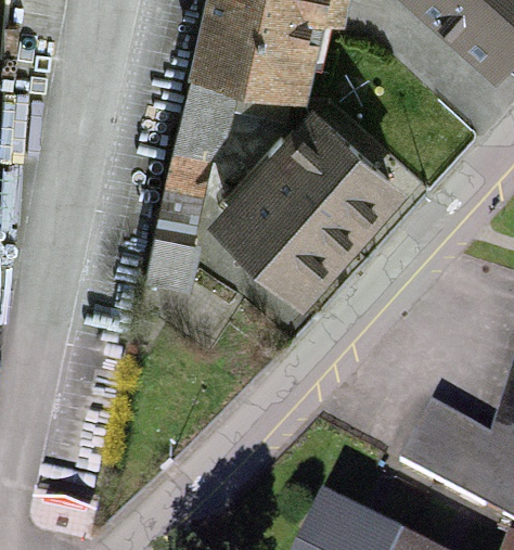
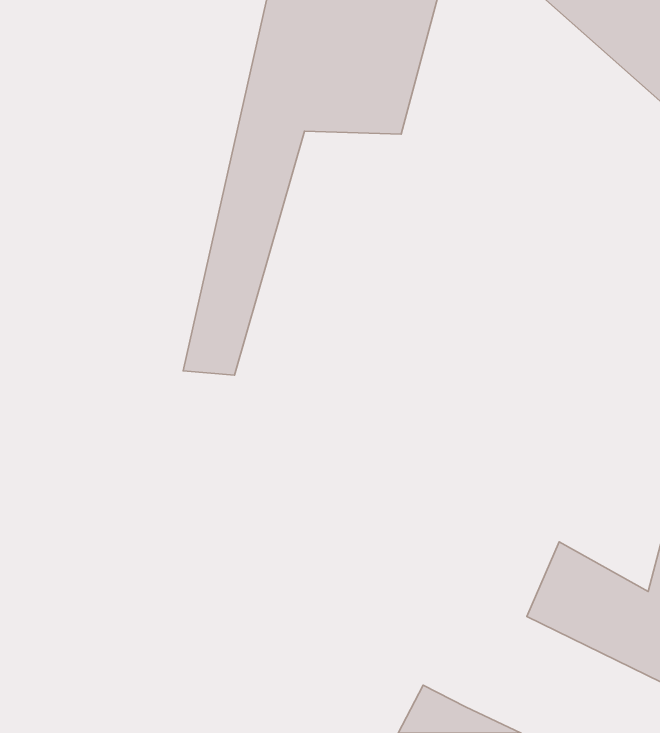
building: [214,115,403,306] -> none

